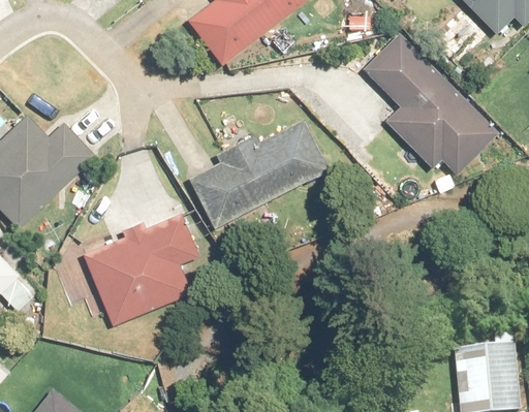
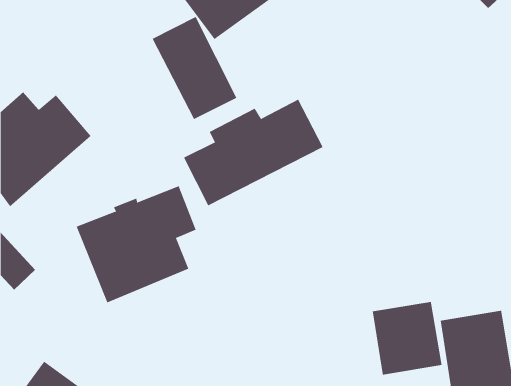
building: [362,34,500,188] -> none
building: none -> [152,16,237,120]
building: none -> [372,301,442,375]

